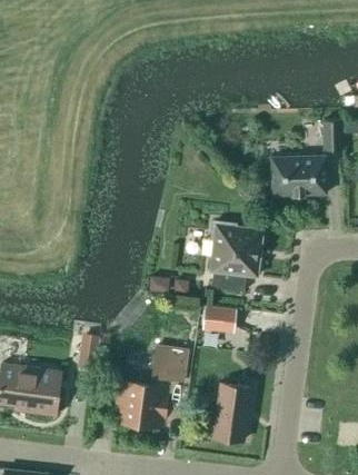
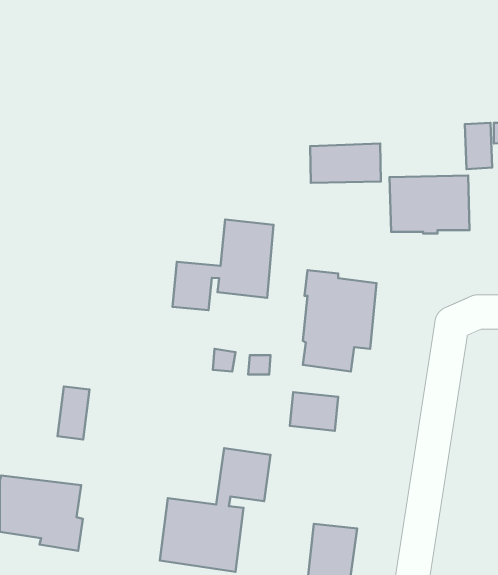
building: none -> [310,144,381,183]
building: none -> [173,219,274,310]
building: [77,333,99,369] -> [57,386,90,439]

